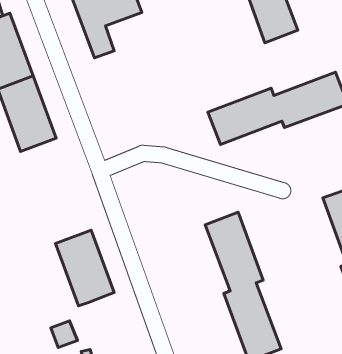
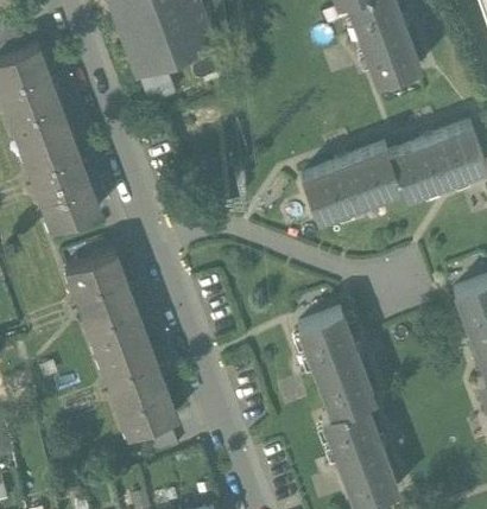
building: none -> [65,248,144,349]
building: [51,321,78,348] -> [140,418,176,453]

